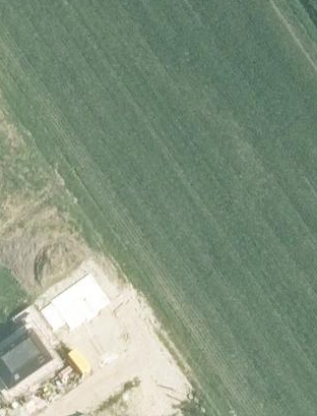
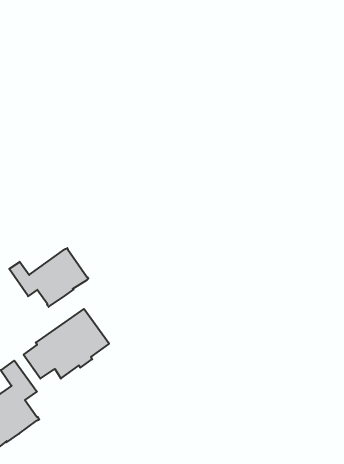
building: none -> [9,248,88,307]

